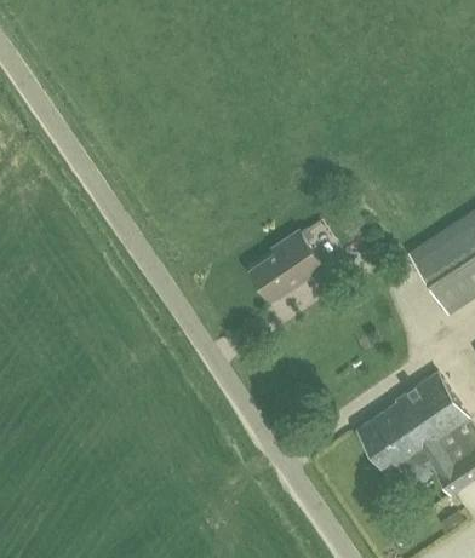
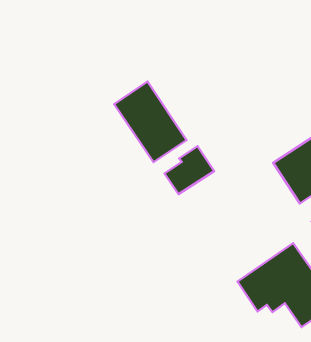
building: none -> [114,82,187,162]

